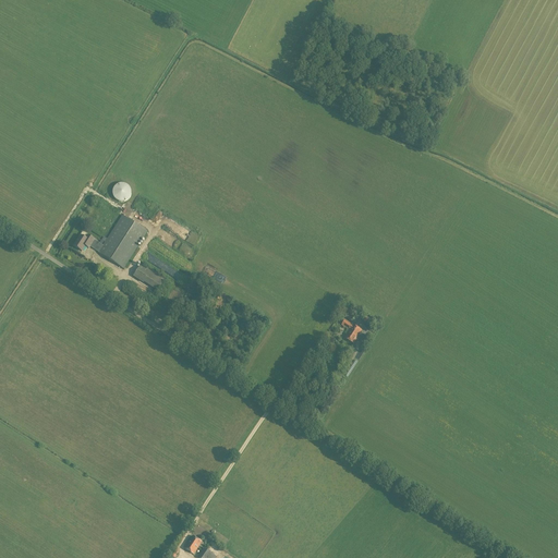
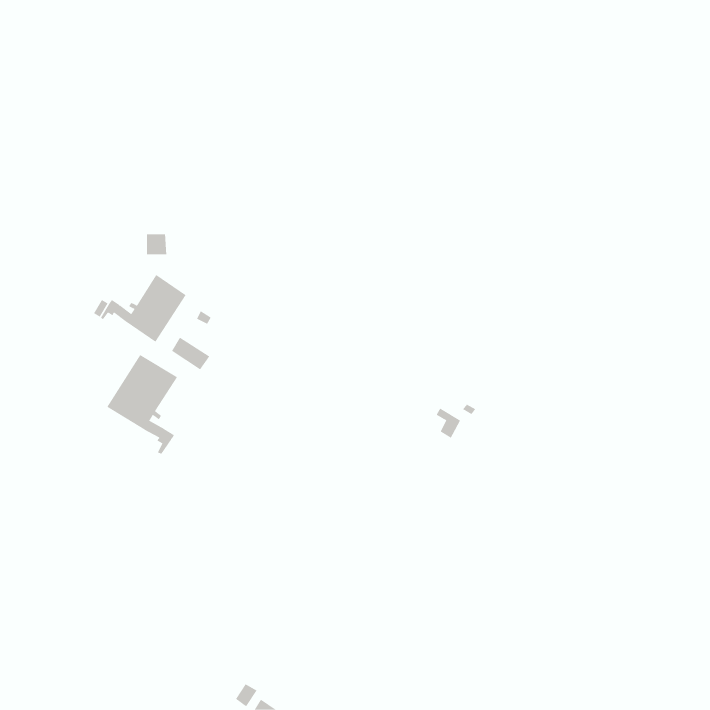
building: none -> [106,354,178,454]

